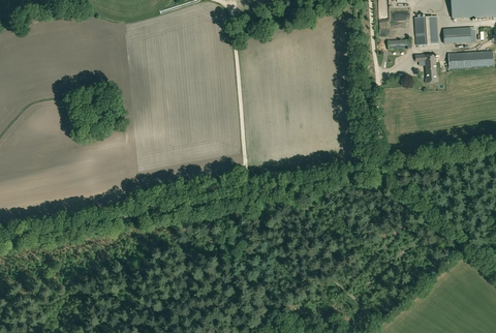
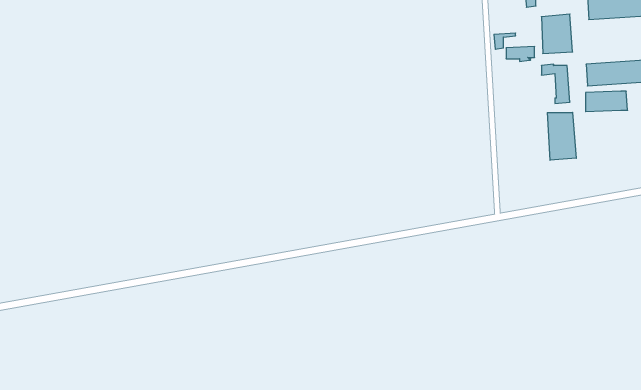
building: [444,27,476,42] -> [586,91,628,112]
building: none -> [547,112,576,160]

